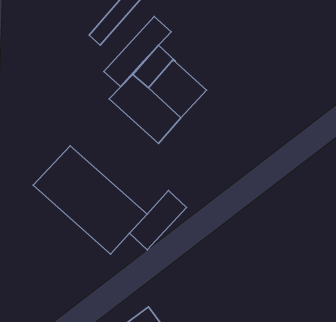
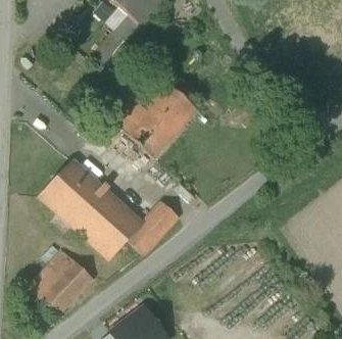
building: [104,17,171,87] -> none
building: none -> [28,250,93,314]

